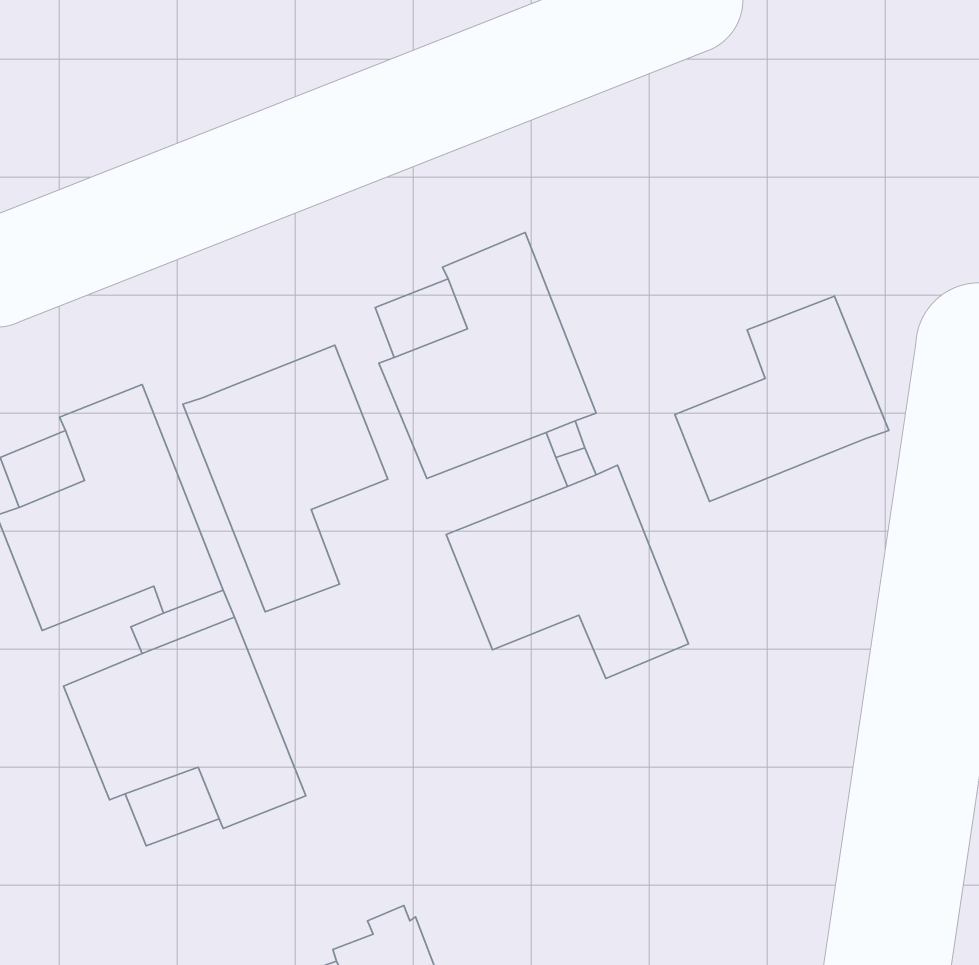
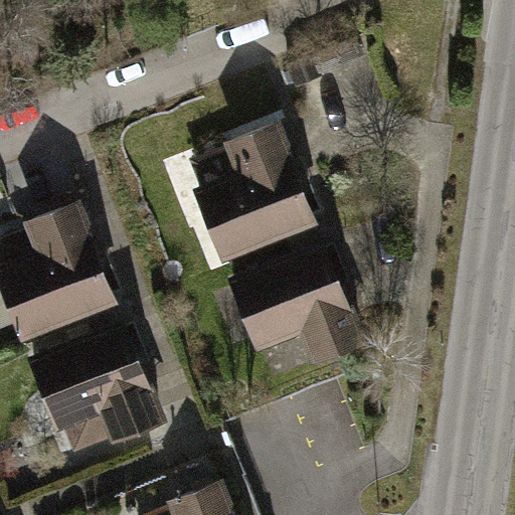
building: [675,296,889,501] -> none
building: [183,345,388,612] -> none

